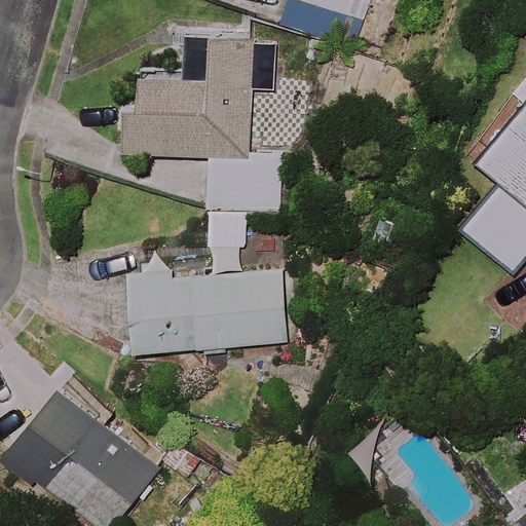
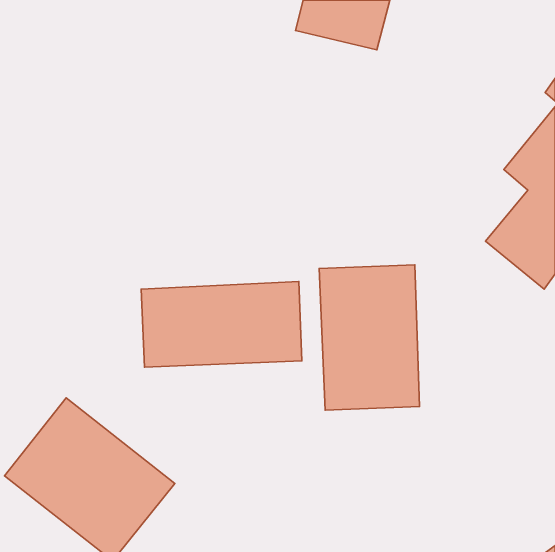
building: [119,35,287,251] -> none
building: none -> [319,265,419,410]

